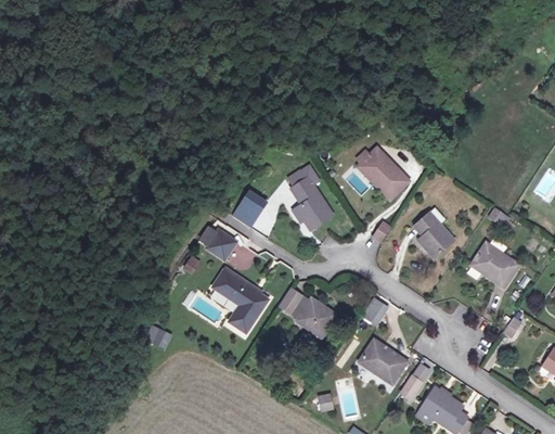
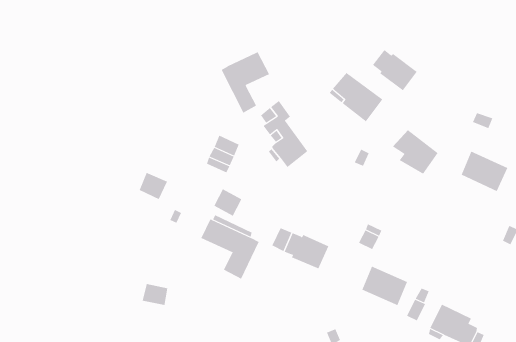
building: none -> [221,52,270,114]
building: none -> [372,49,417,91]
building: [207,230,236,258] -> [139,172,168,200]

